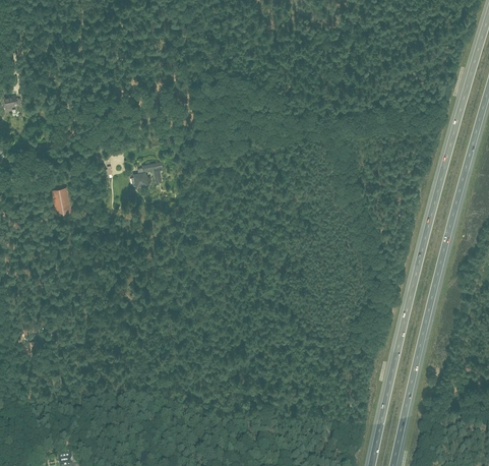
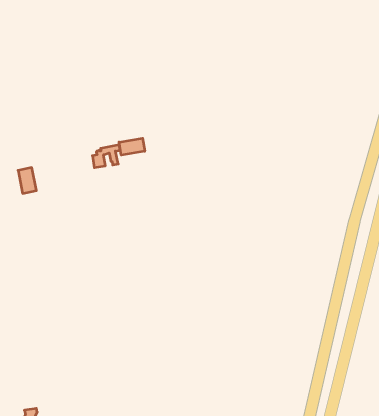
building: none -> [119,138,145,155]

